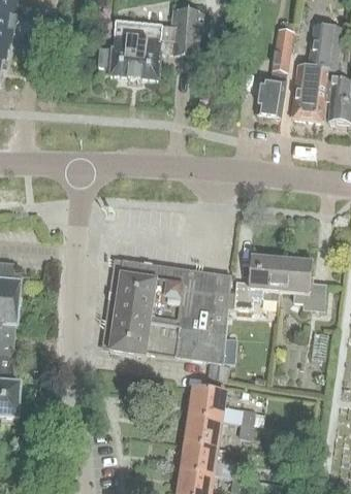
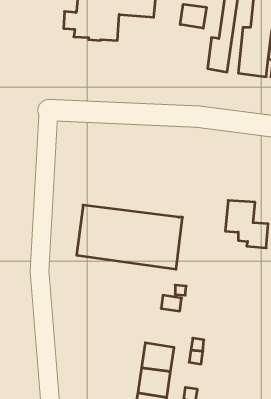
building: none -> [180,4,206,28]
building: [234,255,282,307] -> none
building: [109,318,224,361] -> none
building: [190,387,226,420] -> none

